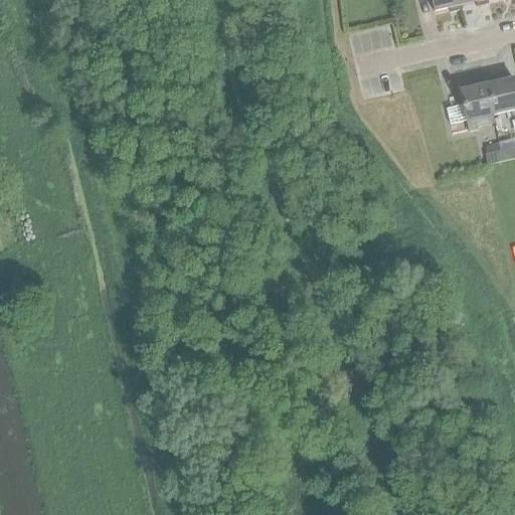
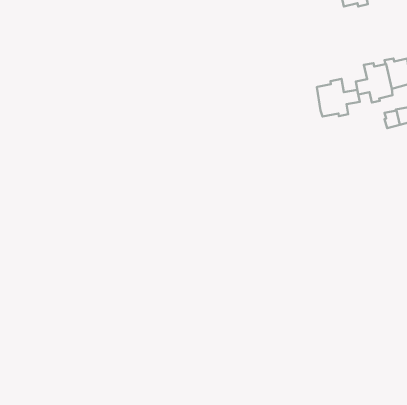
building: none -> [317,79,360,116]

